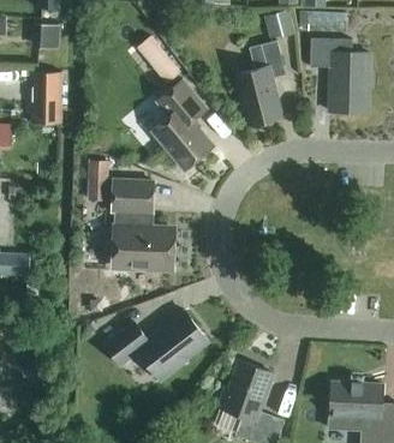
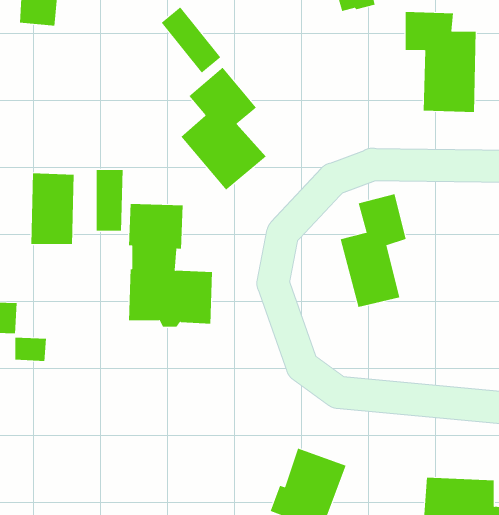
building: [235,40,285,124] -> [340,193,407,307]
building: [30,70,62,122] -> [31,173,74,244]
building: [105,309,208,379] -> none

